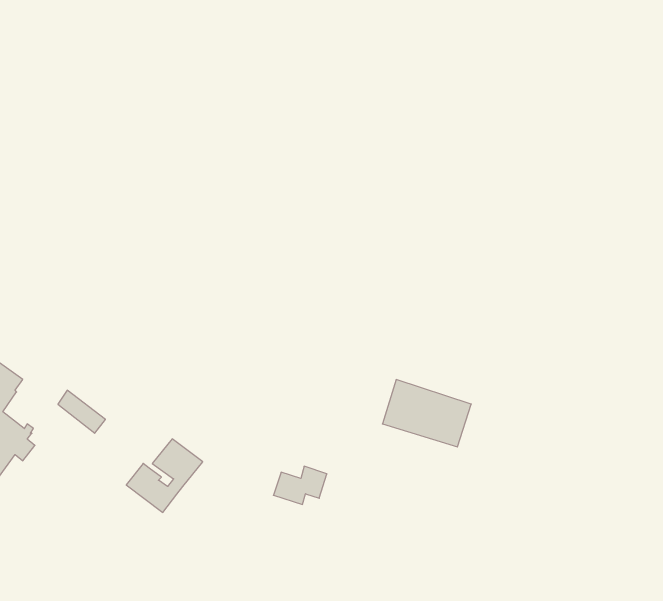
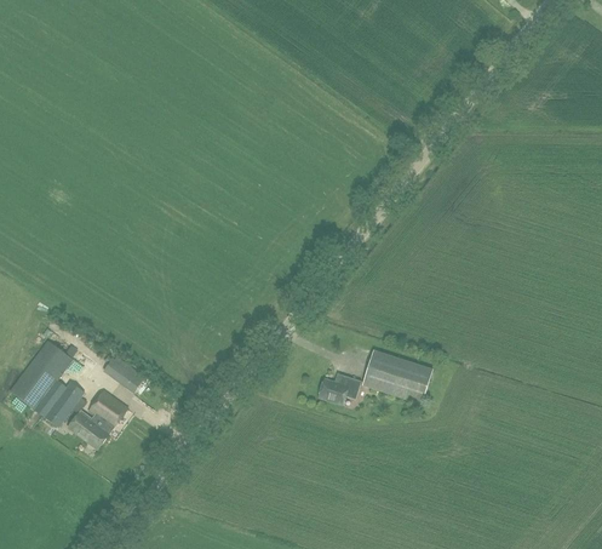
building: [126,439,203,512] -> [67,390,127,448]
building: [273,466,327,504] -> [317,373,360,404]

